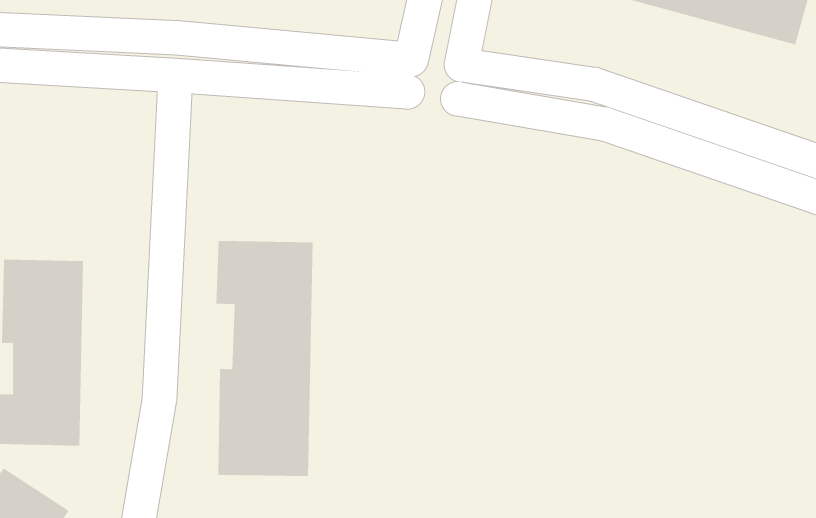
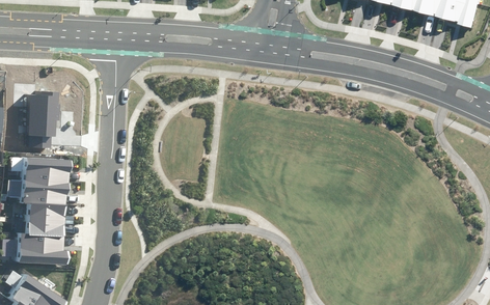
building: none -> [27,92,61,150]
building: [216,240,313,477] -> none

